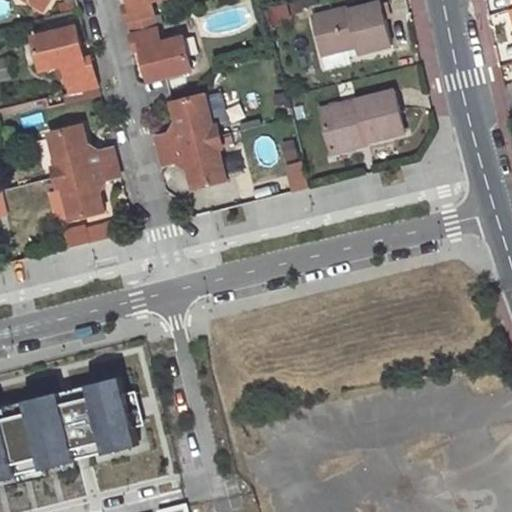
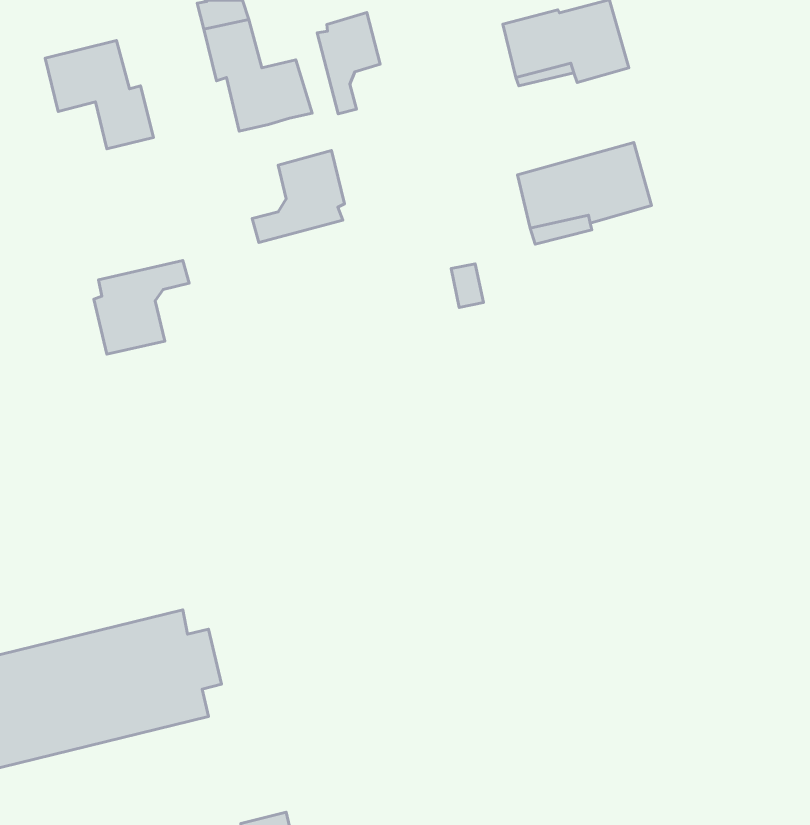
building: none -> [317,13,380,114]
building: [46,125,113,174] -> none
building: [160,137,226,187] -> none

